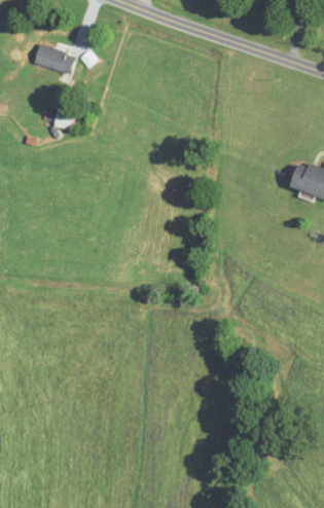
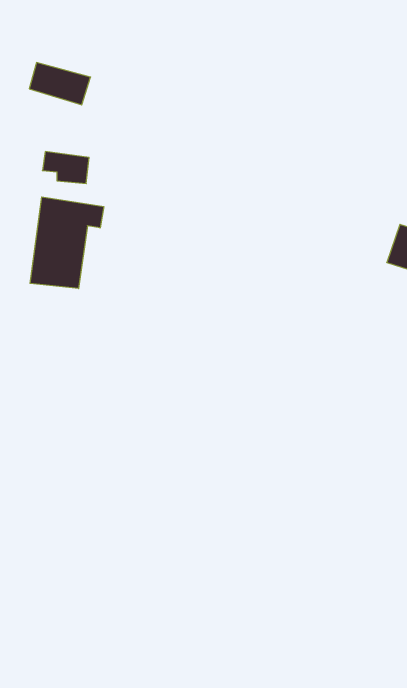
building: none -> [30,197,104,289]

